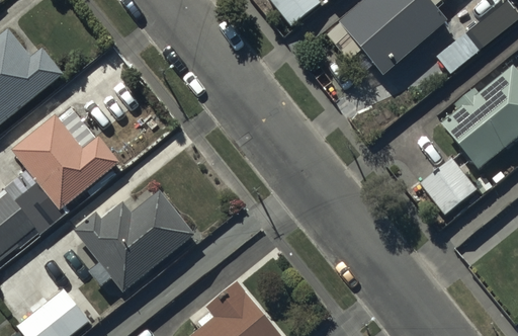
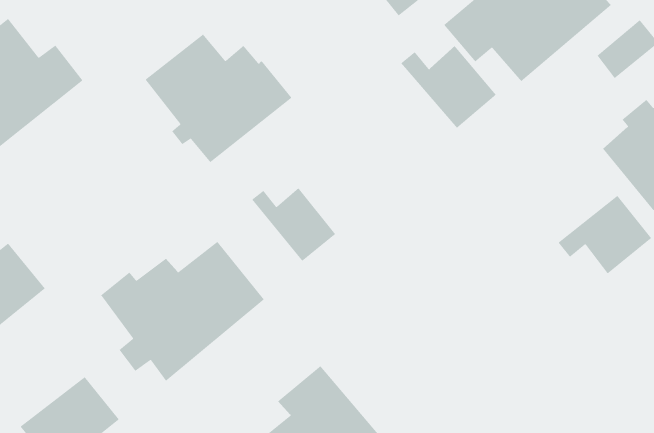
building: none -> [400,45,497,129]
building: [13,115,120,209] -> [145,34,292,163]
building: none -> [251,187,336,262]

